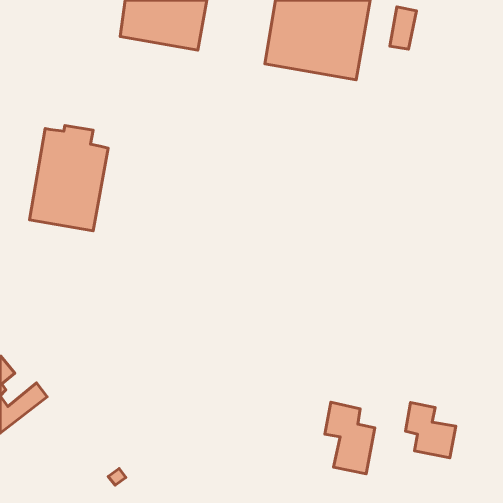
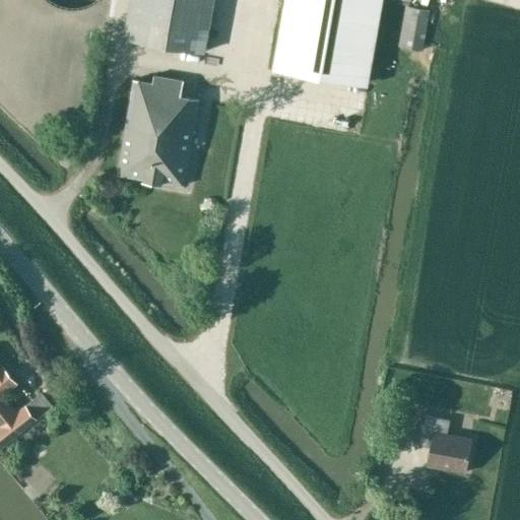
building: [29,125,108,231] -> [117,76,198,185]
building: [325,402,375,474] -> none

